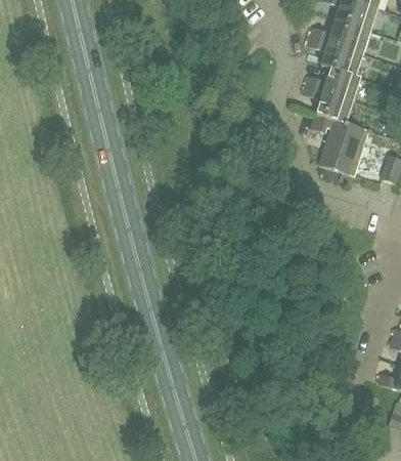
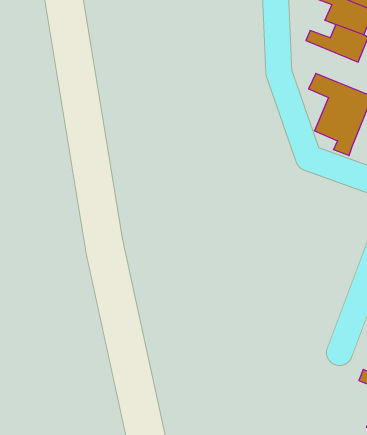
building: [301,83,352,121] -> none

